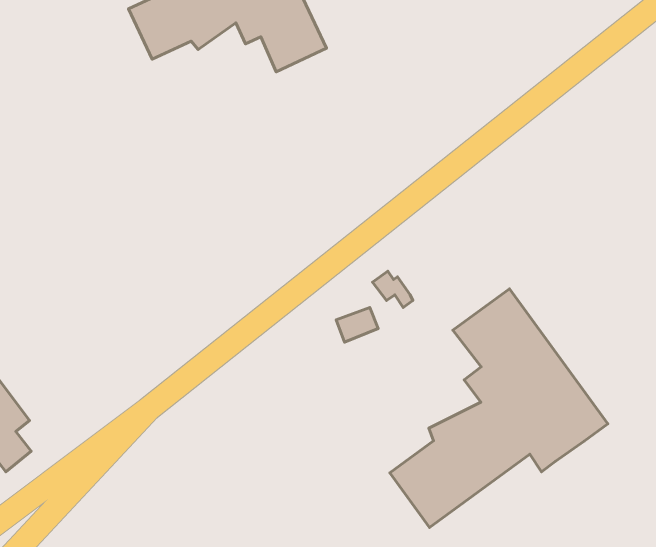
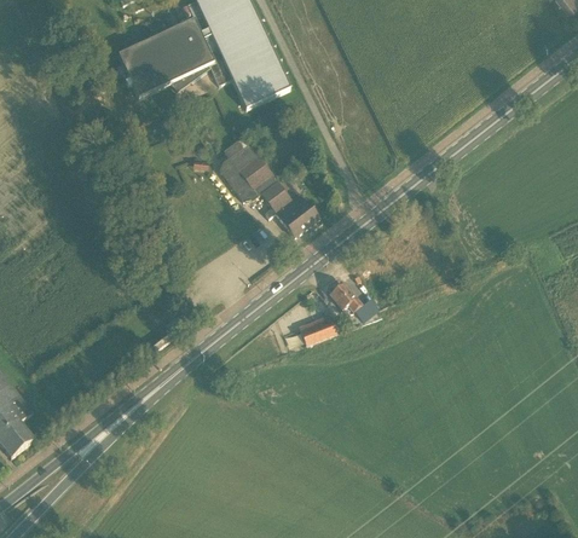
building: none -> [219,139,318,236]
building: [390,289,608,528] -> none

